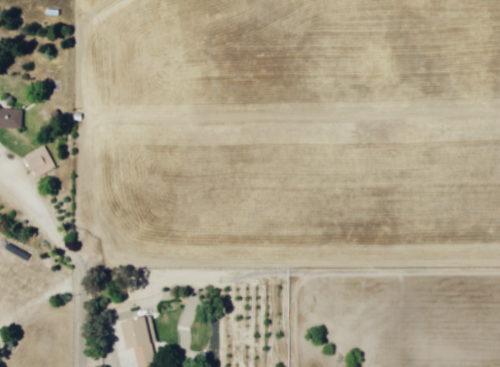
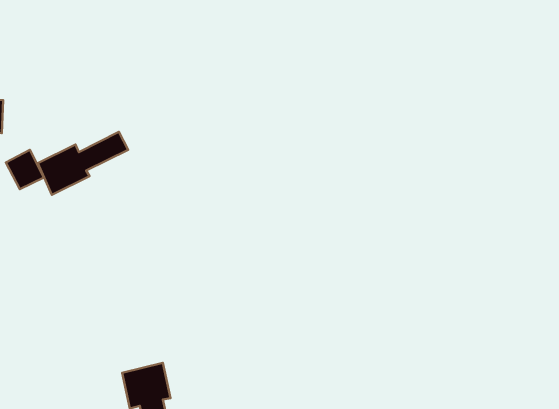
building: none -> [38,132,128,195]

